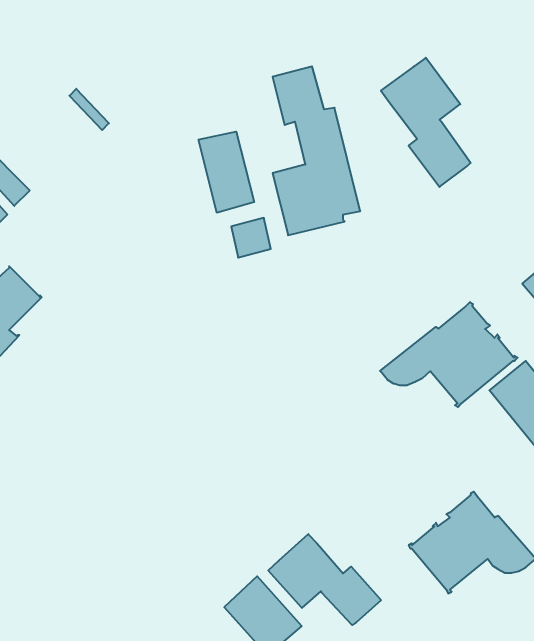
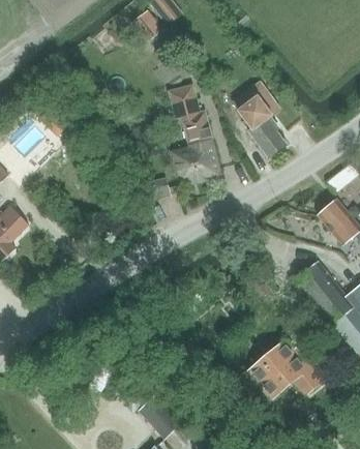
building: [199,132,254,213] -> none
building: [380,302,518,407] -> none
building: [268,534,381,625] -> none

